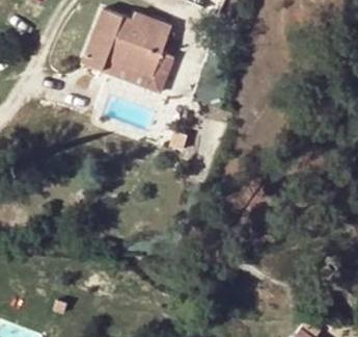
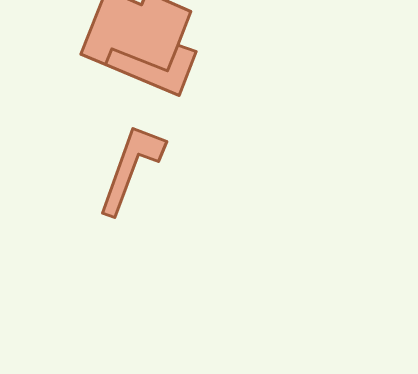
building: none -> [102,128,167,217]

